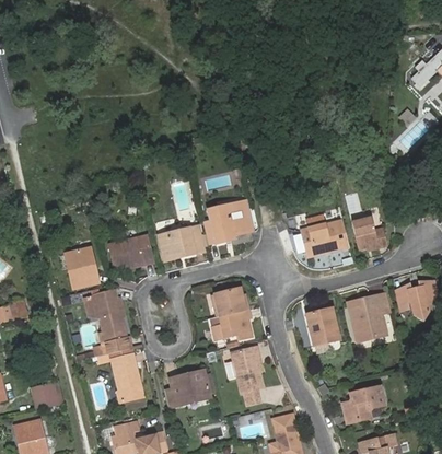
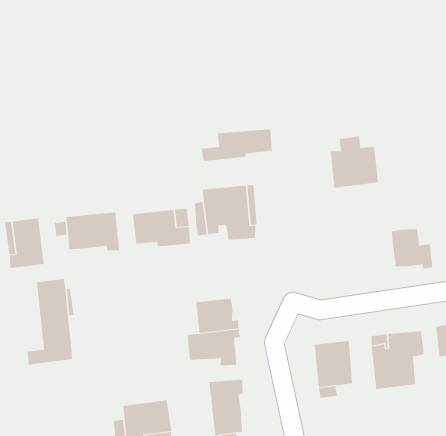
building: none -> [201,129,272,162]
building: [301,216,340,257] -> [330,136,379,188]
building: [112,354,143,401] -> none

